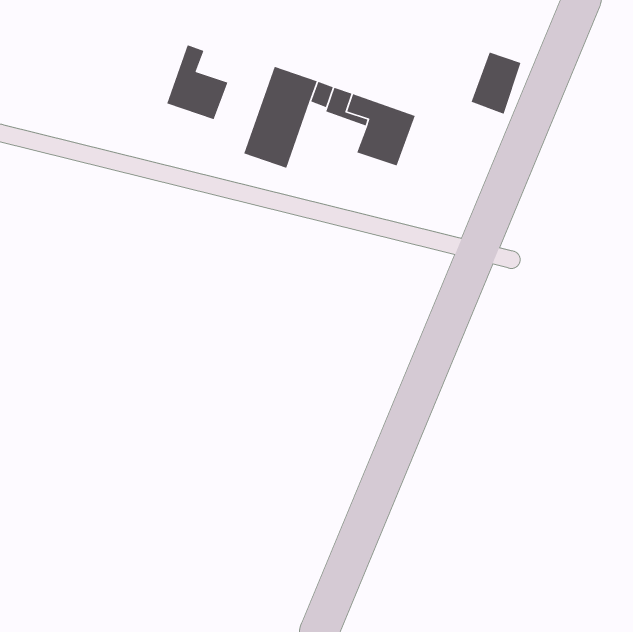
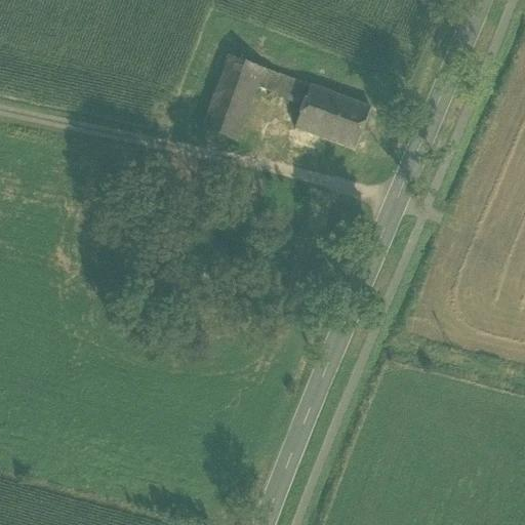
building: [166,44,228,120] -> none
building: [471,51,522,115] -> [329,95,371,148]

